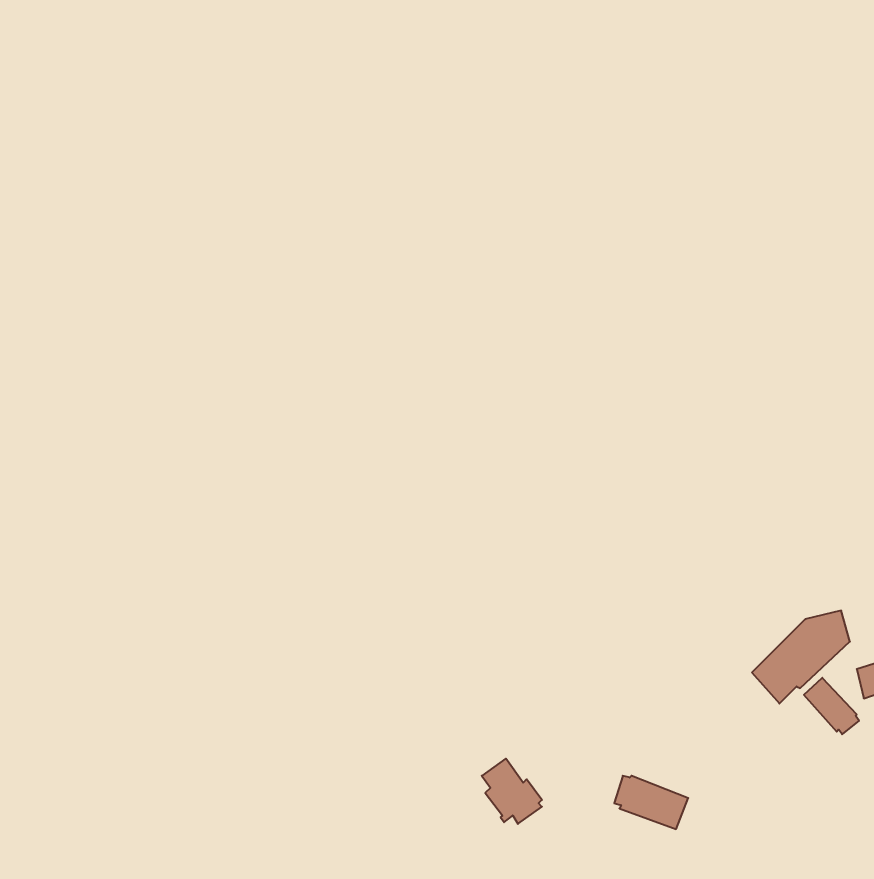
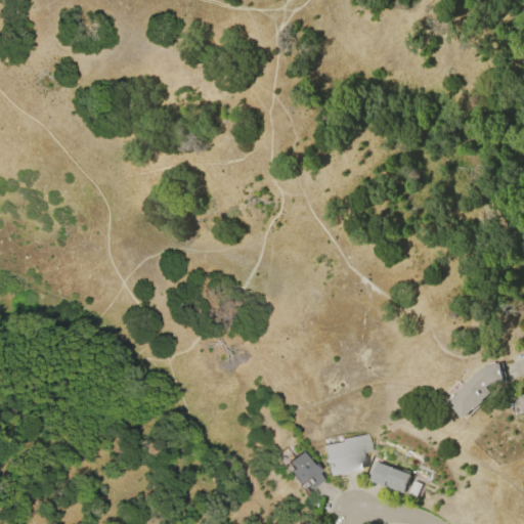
building: [804,678,859,734] -> none
building: none -> [324,434,374,476]

